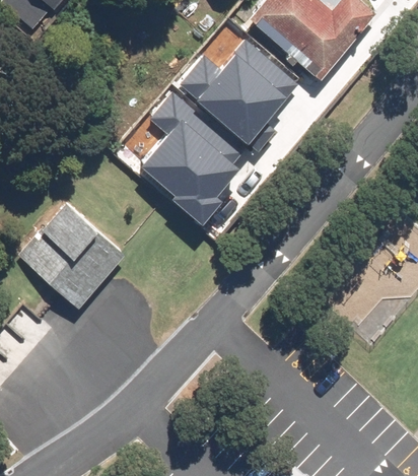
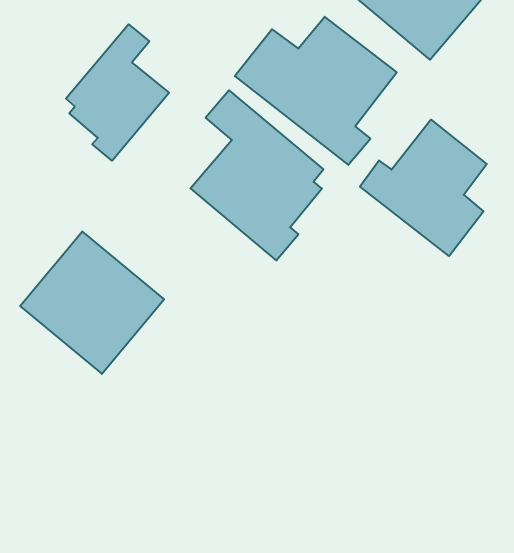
building: none -> [66,24,169,161]
building: none -> [360,120,487,256]

